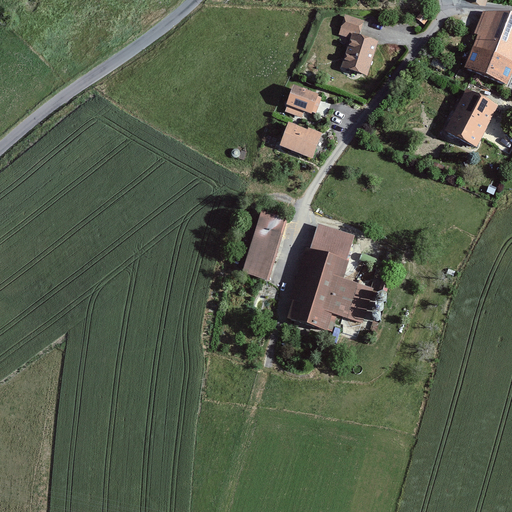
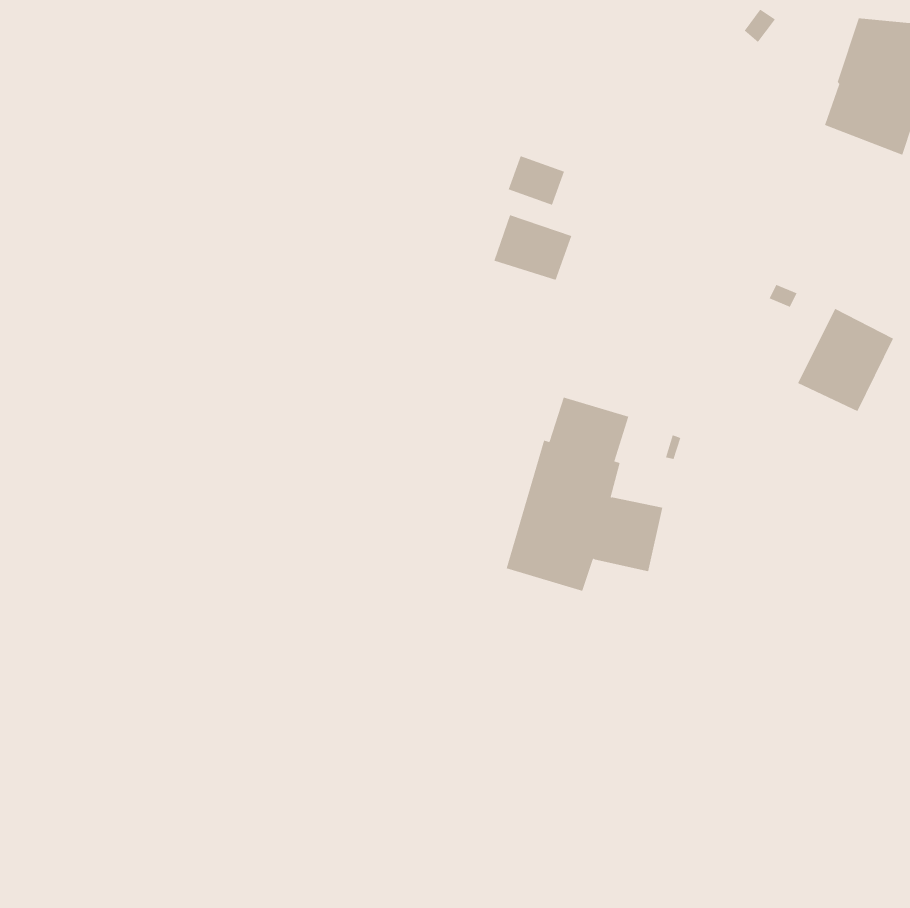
building: [339,13,380,76] -> none
building: [444,88,498,146] -> [797,308,894,412]
building: [241,207,288,281] -> none

